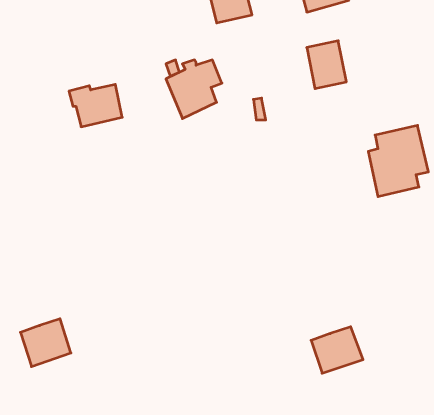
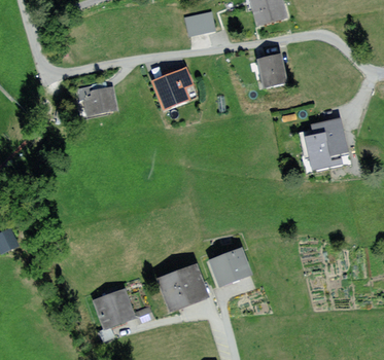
building: [20,319,71,367] -> [95,291,133,327]
building: none -> [158,266,207,311]
building: [311,327,363,373] -> [210,251,249,286]

